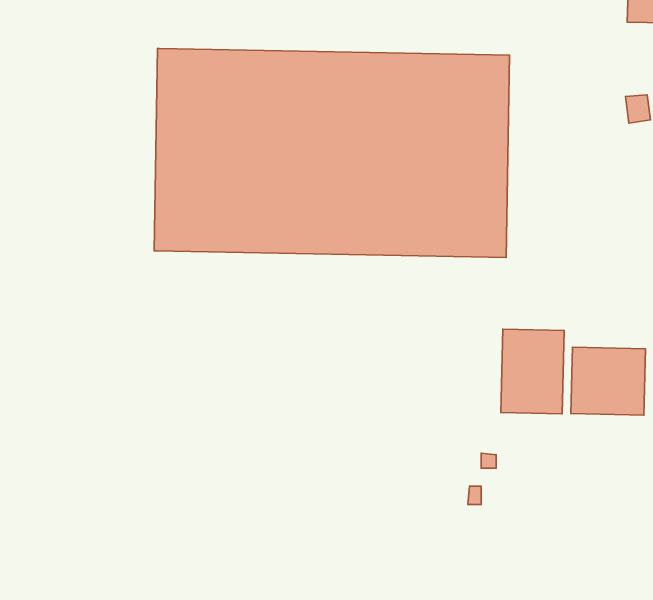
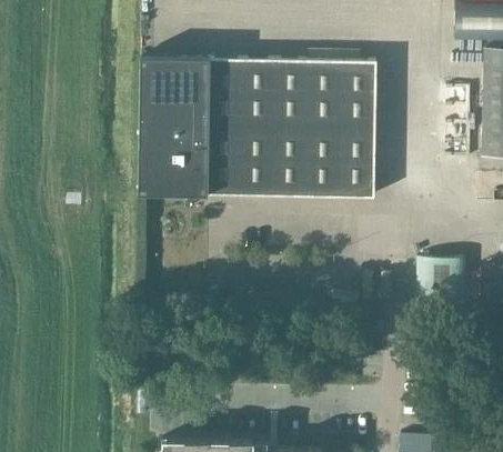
building: [501,329,564,414] -> none

